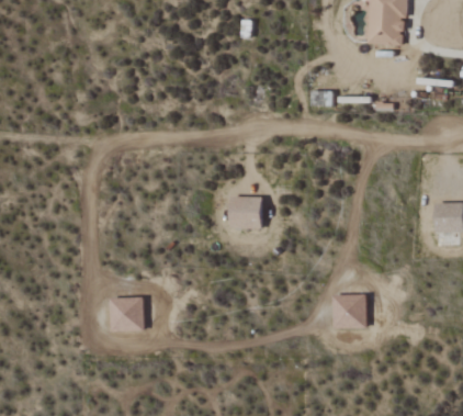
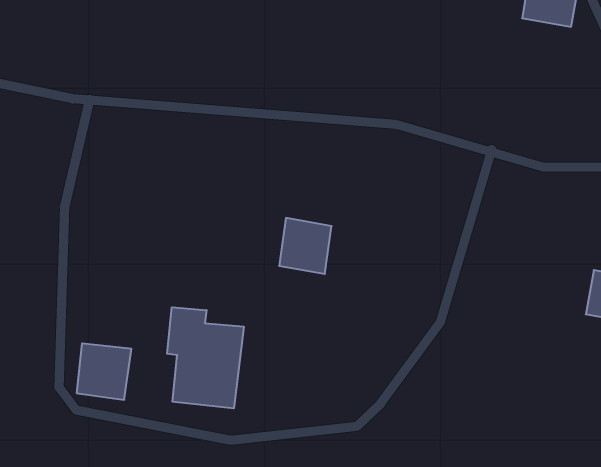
building: none -> [167,307,244,408]
building: [331,294,365,328] -> none

